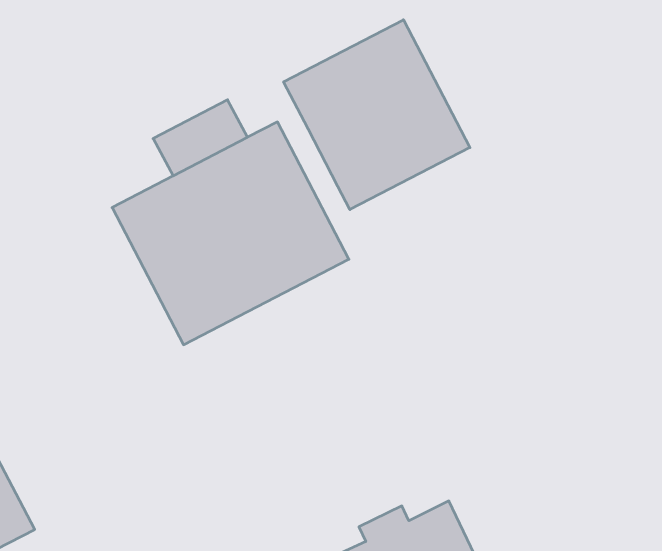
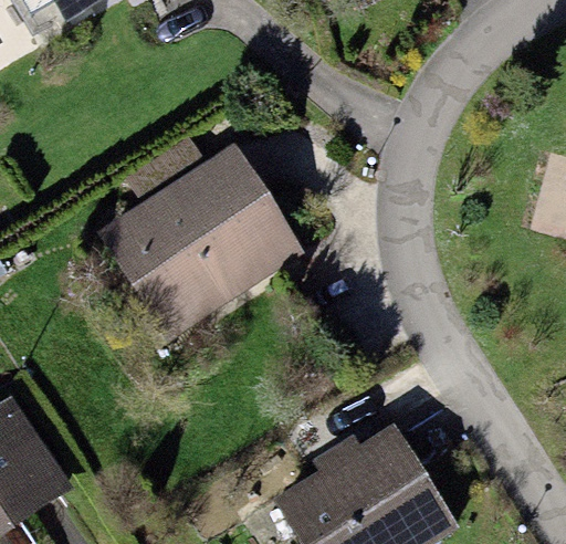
building: [284,20,470,210] -> none

